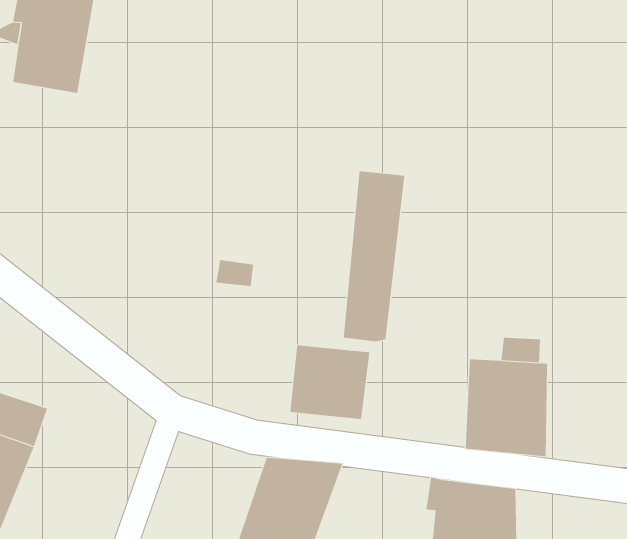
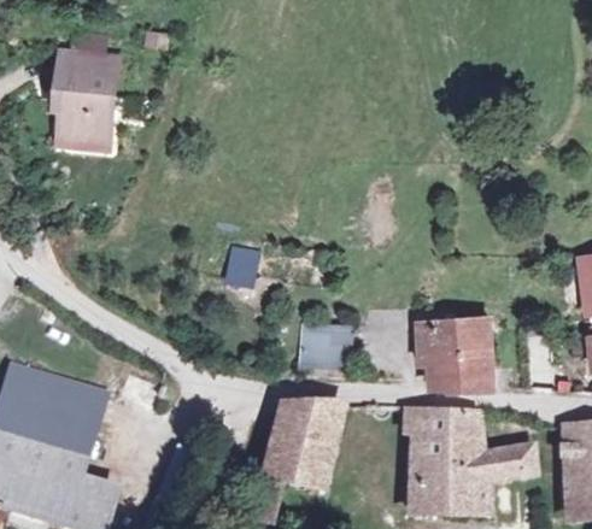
building: [343,171,405,342] -> none

